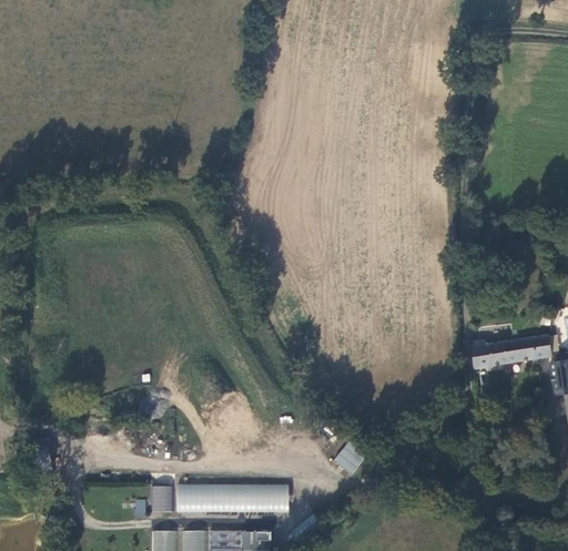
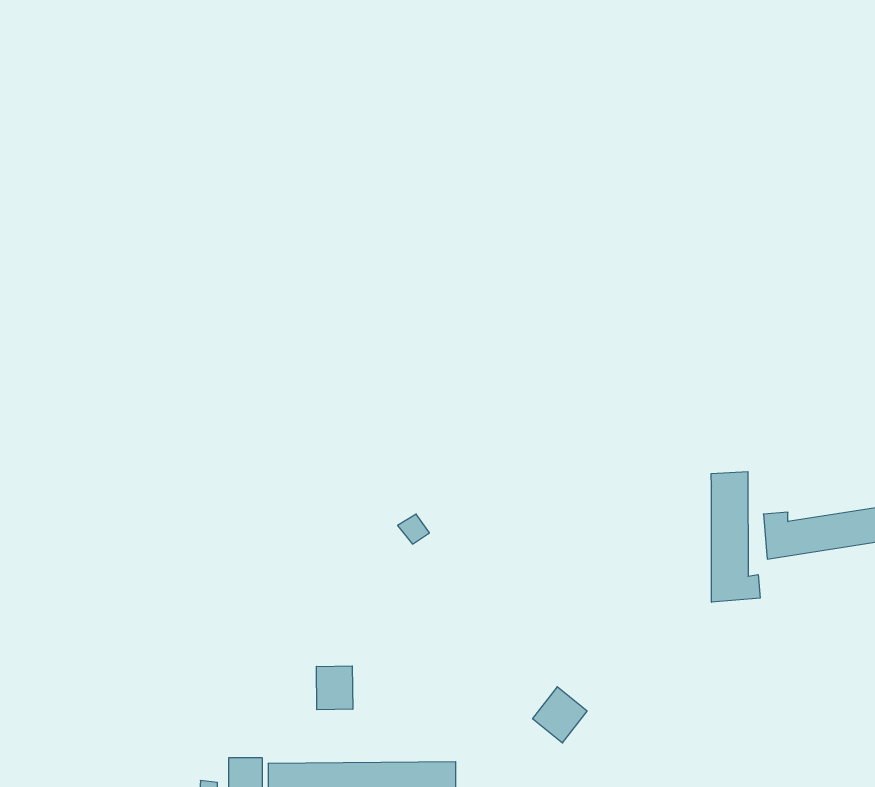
building: none -> [711,472,760,602]
building: none -> [316,666,353,710]

